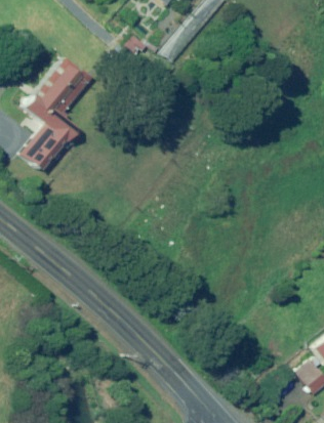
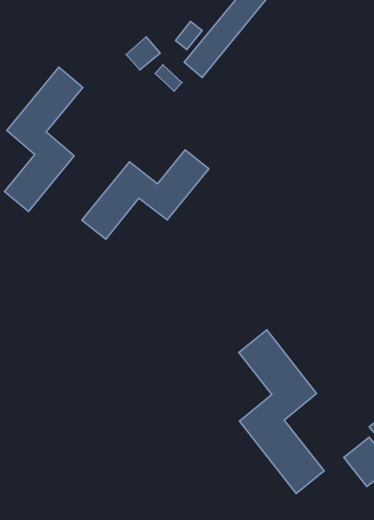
building: none -> [82,150,209,239]
building: none -> [239,330,324,493]

